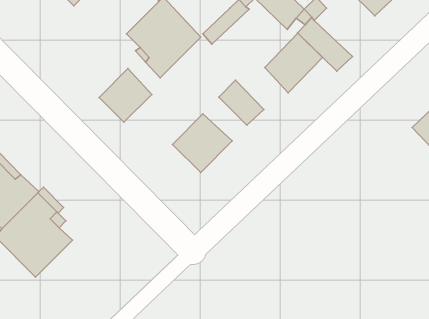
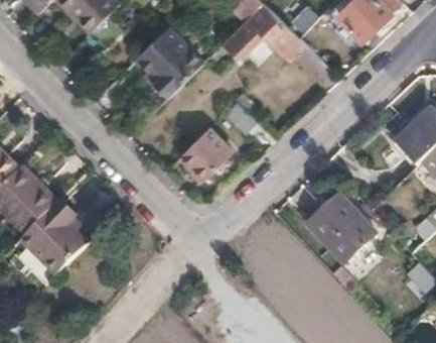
building: [265,33,323,93] -> none
building: [99,69,152,122] -> none
building: none -> [305,195,376,263]

